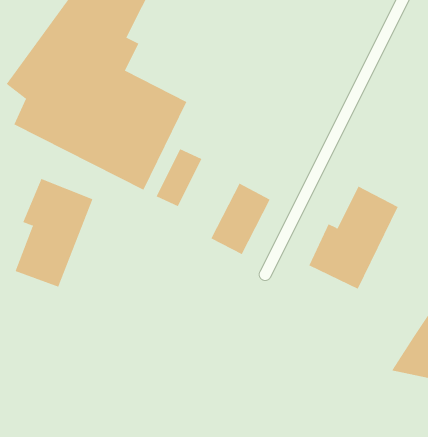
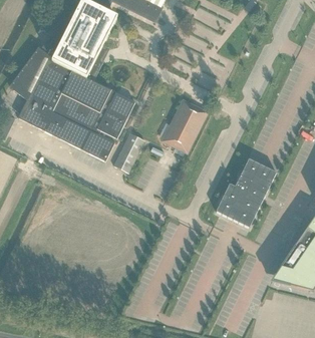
building: [15,178,93,287] -> none
building: [211,183,271,255] -> [165,101,205,149]

